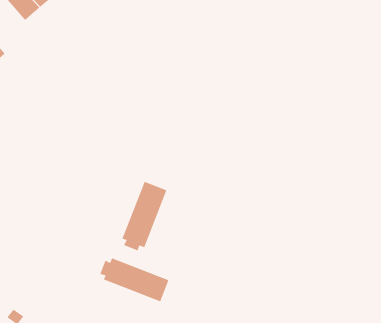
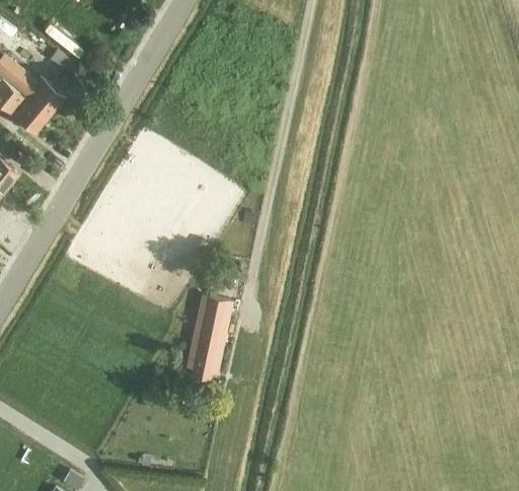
building: [100,257,169,302] -> none

